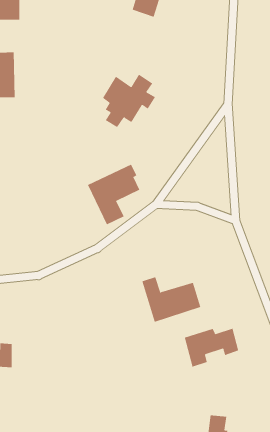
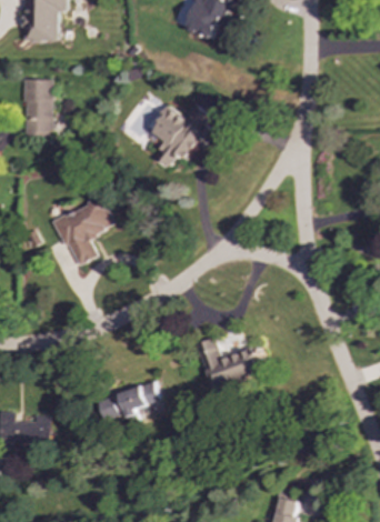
building: [87,164,140,225] -> [53,194,114,265]
building: none -> [97,382,160,422]
building: [184,328,239,367] -> none

